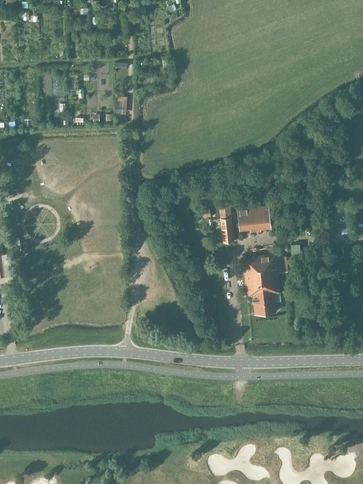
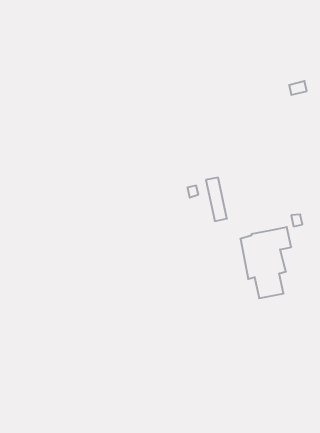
building: [238,207,271,230] -> none

